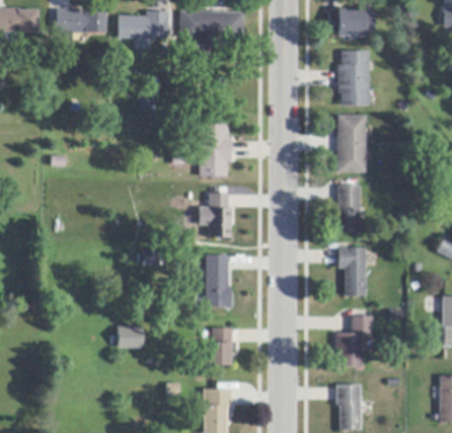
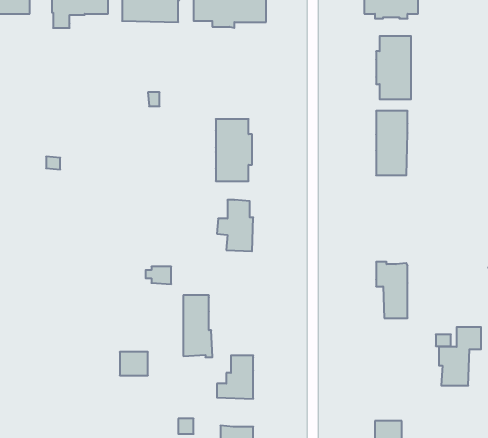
building: [337,186,360,231] -> none
building: [207,255,232,308] -> [183,295,212,357]
building: [336,315,373,366] -> [439,327,481,386]

